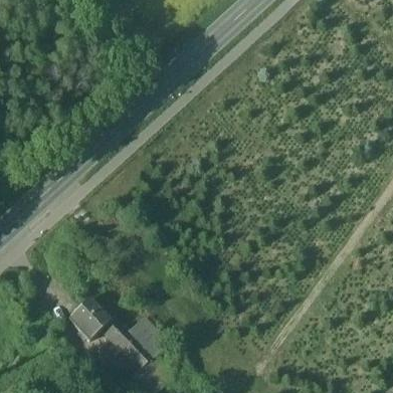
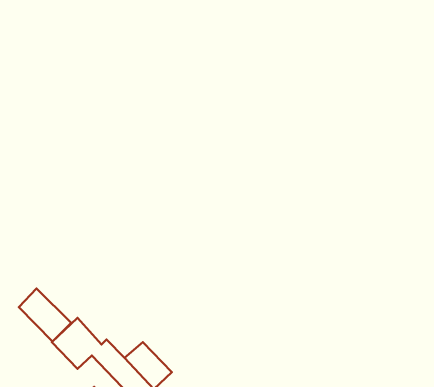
building: none -> [19,288,71,341]

